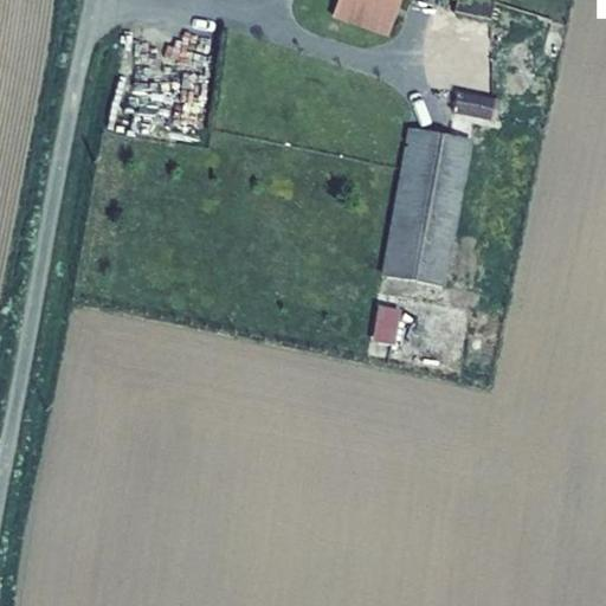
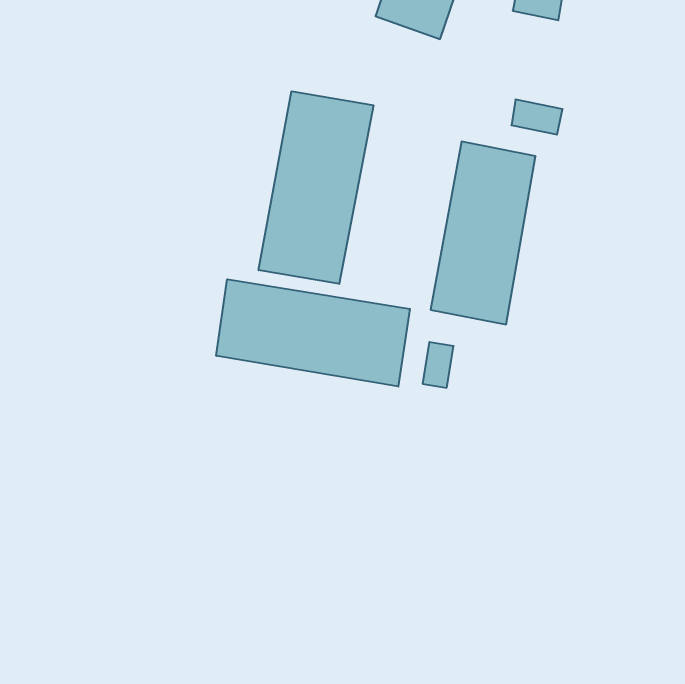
building: none -> [259,91,373,284]
building: none -> [216,279,410,387]

